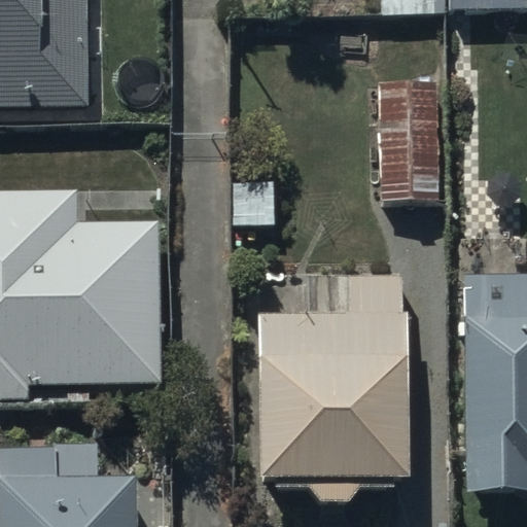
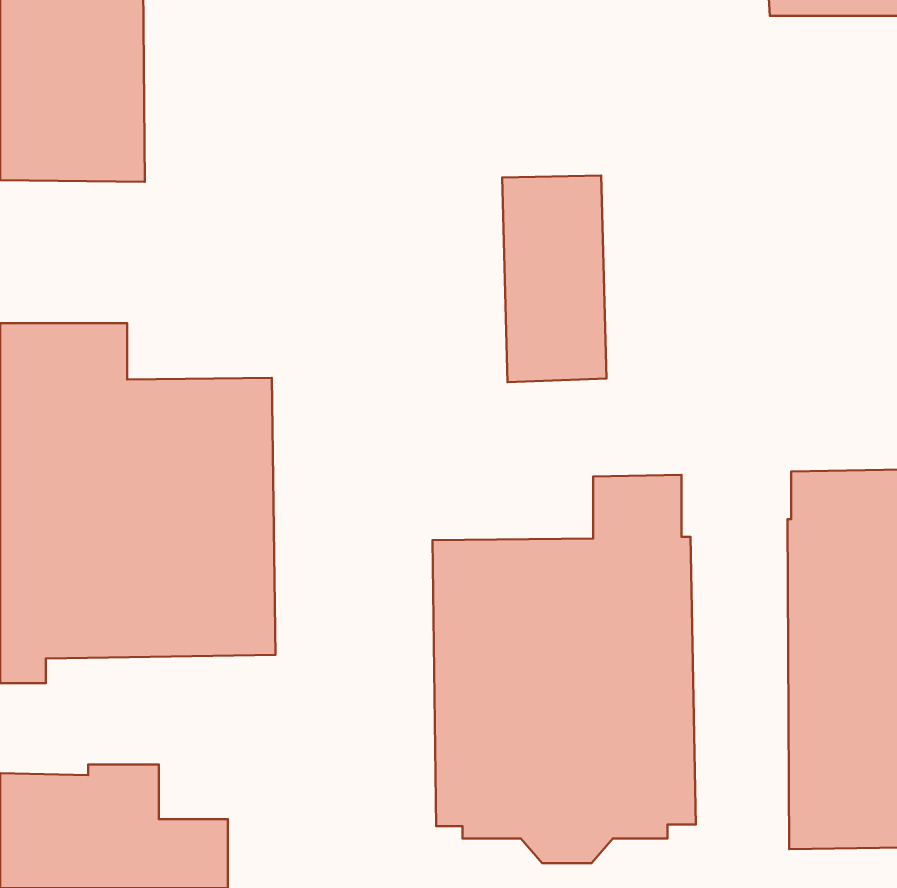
building: [377,79,437,200] -> [502,176,606,382]

